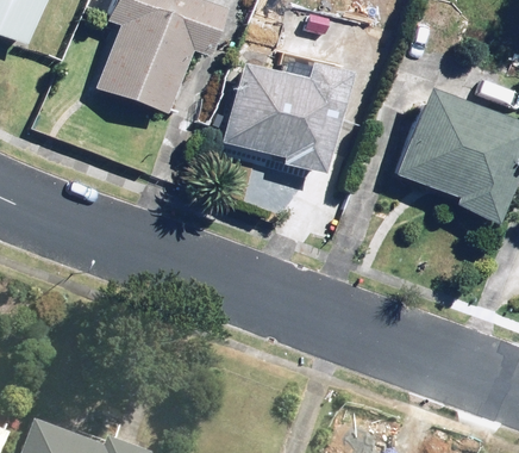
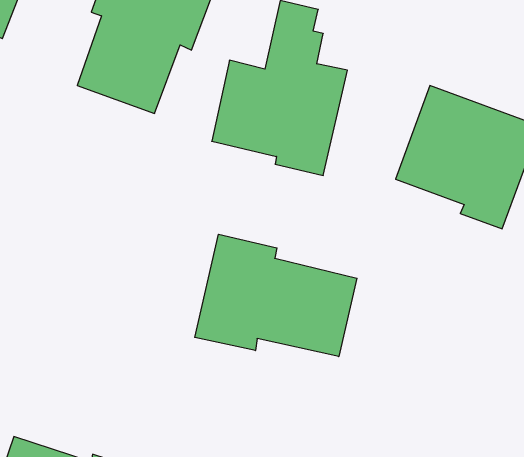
building: none -> [195,234,357,357]

